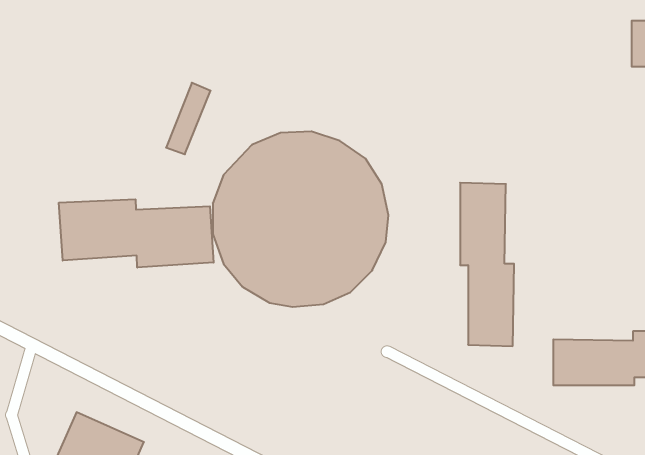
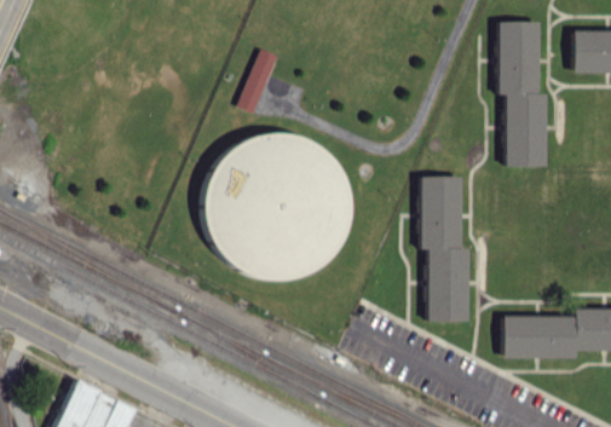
building: none -> [497,21,546,166]
building: [166,83,211,154] -> [238,48,278,112]
building: [59,199,214,268] -> none

